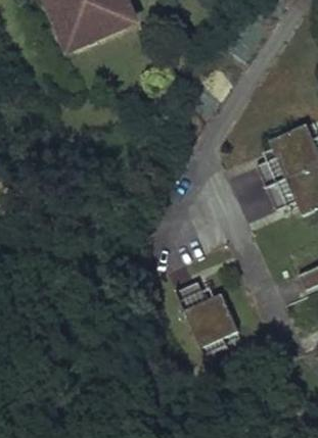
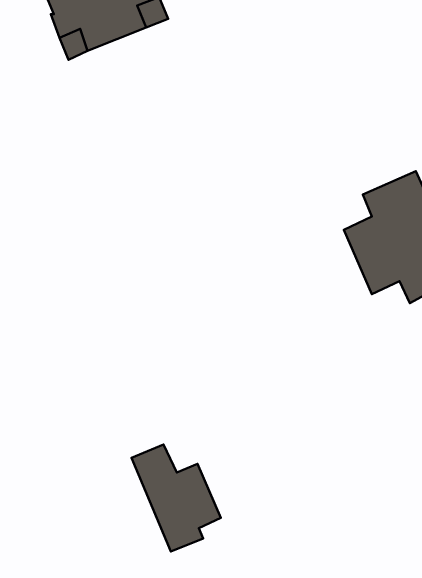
building: [174,280,236,354] -> [131,445,221,552]

